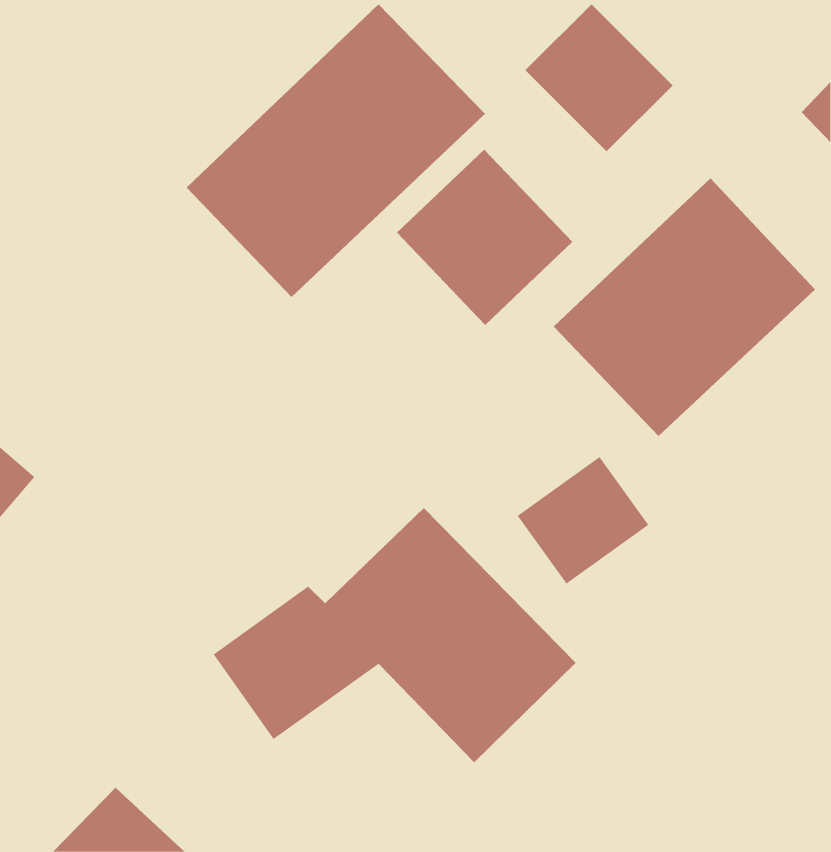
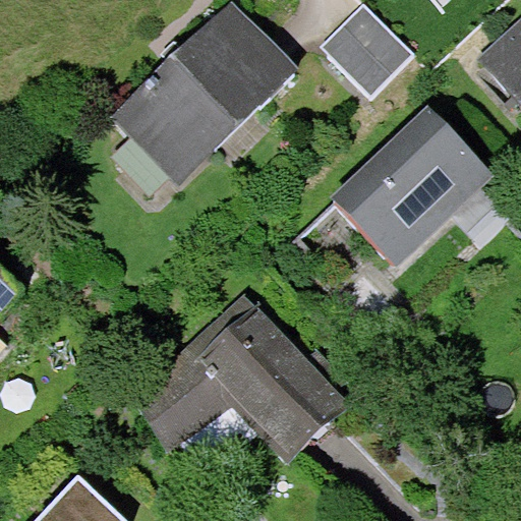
building: [396,149,573,326] -> none
building: [517,456,649,584] -> none

